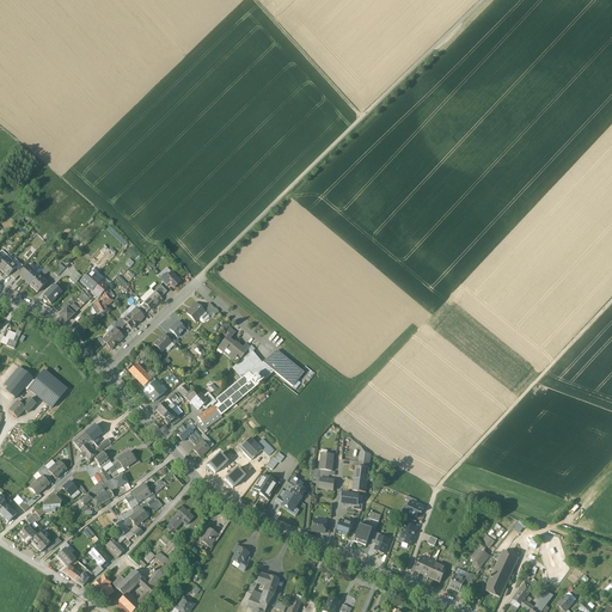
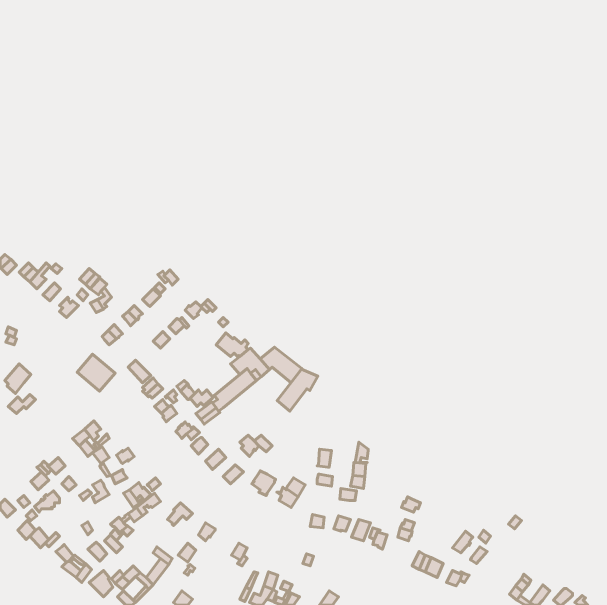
building: [29,369,67,406] -> [77,354,115,391]
building: none -> [277,369,318,411]
building: [484,550,519,596] -> none

